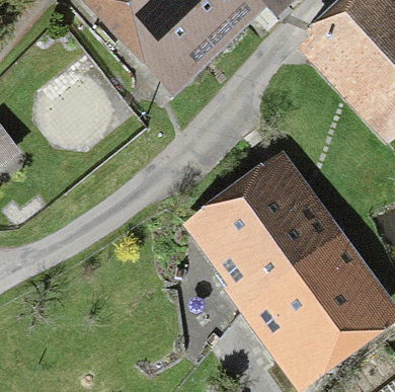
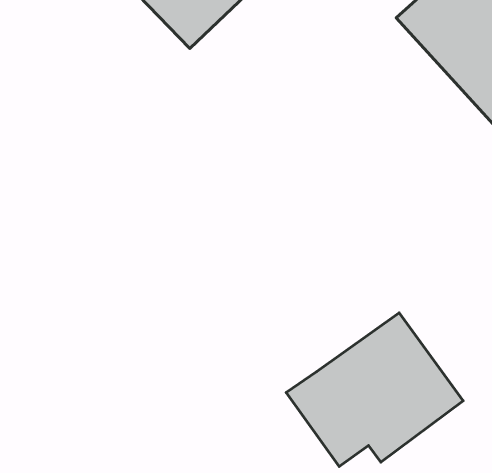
building: [213,182,323,296] -> none

